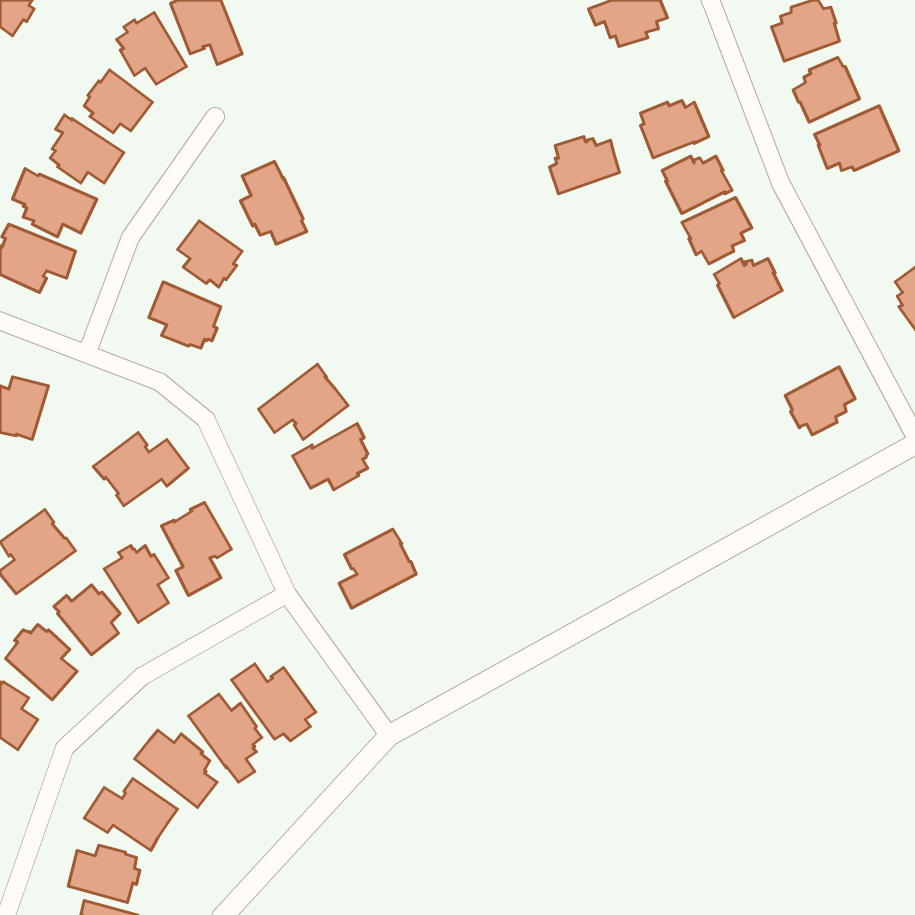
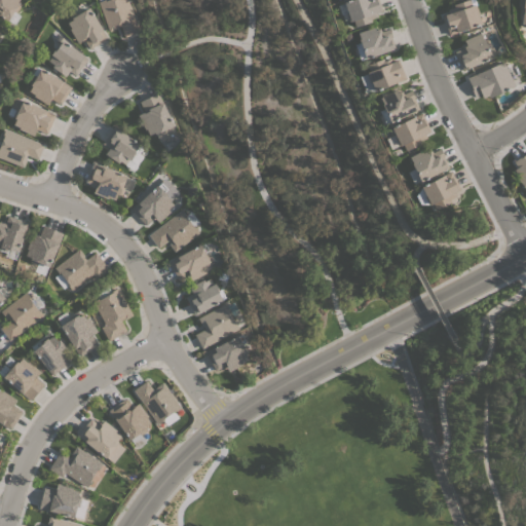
building: [550,137,620,194] -> [355,28,396,61]
building: none -> [132,183,175,226]
building: [785,367,855,435] -> [421,172,461,211]
building: none -> [27,226,64,268]
building: none -> [186,279,226,315]
building: none -> [206,335,249,372]

